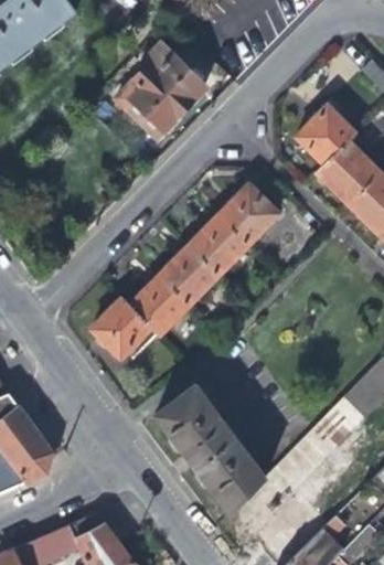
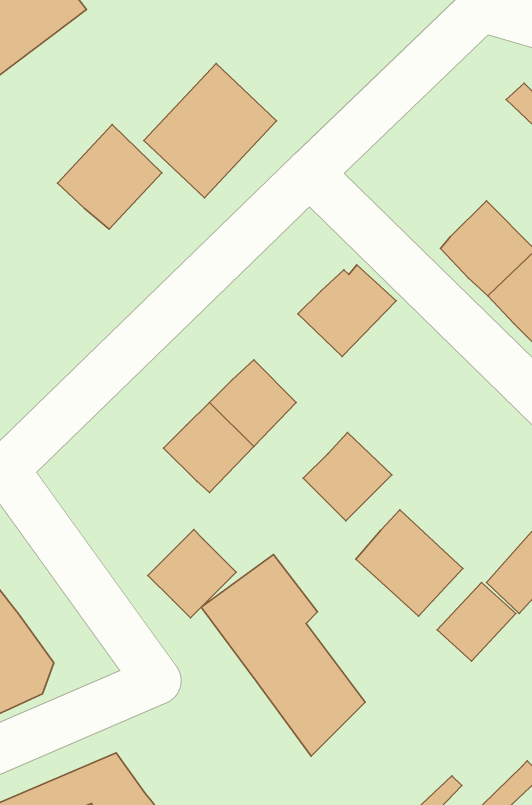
building: none -> [57,124,162,229]
building: [297,106,355,164] -> none
building: [190,216,249,276] -> [303,432,392,521]
building: [92,300,151,360] -> [148,530,236,618]
building: none -> [356,510,463,616]

